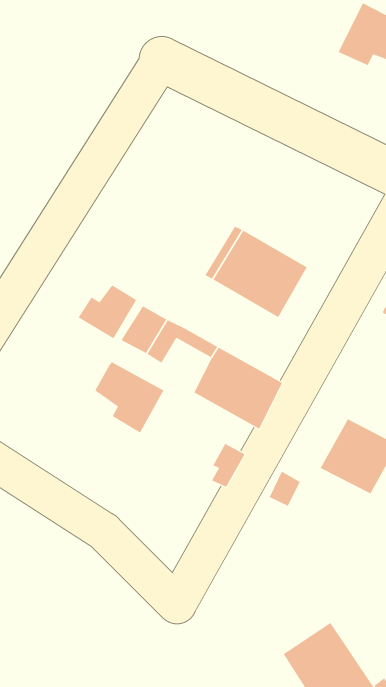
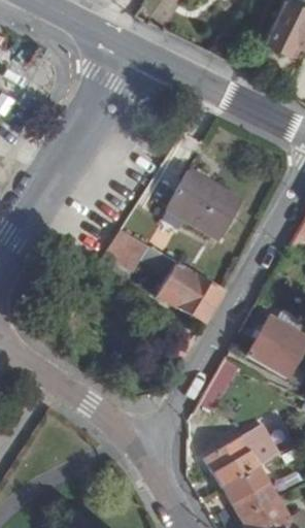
building: [78,285,137,339] -> none
building: [94,361,164,434] -> none
building: none -> [205,426,280,491]

